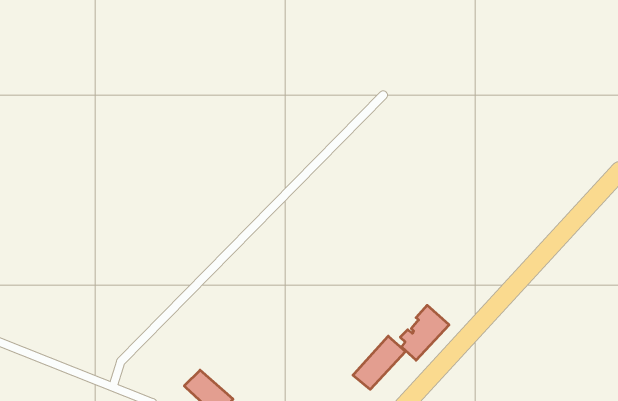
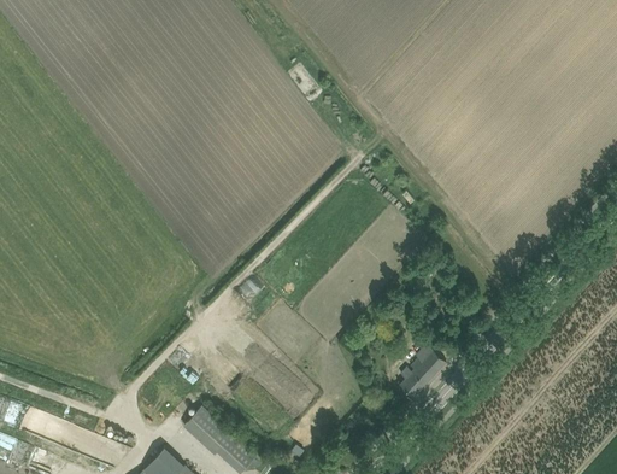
building: [353,336,406,389] -> none

